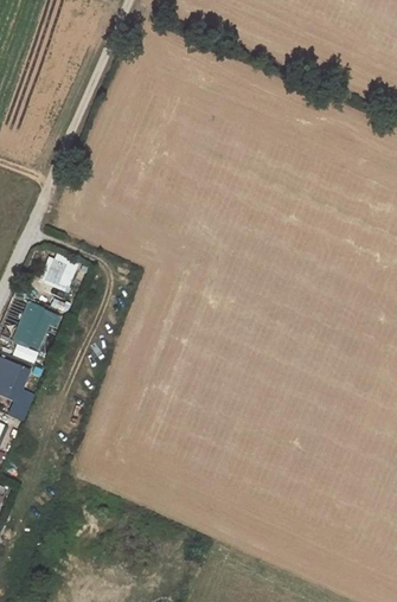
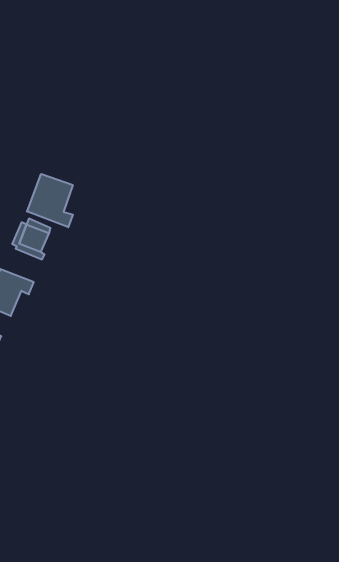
building: none -> [27,174,73,227]

